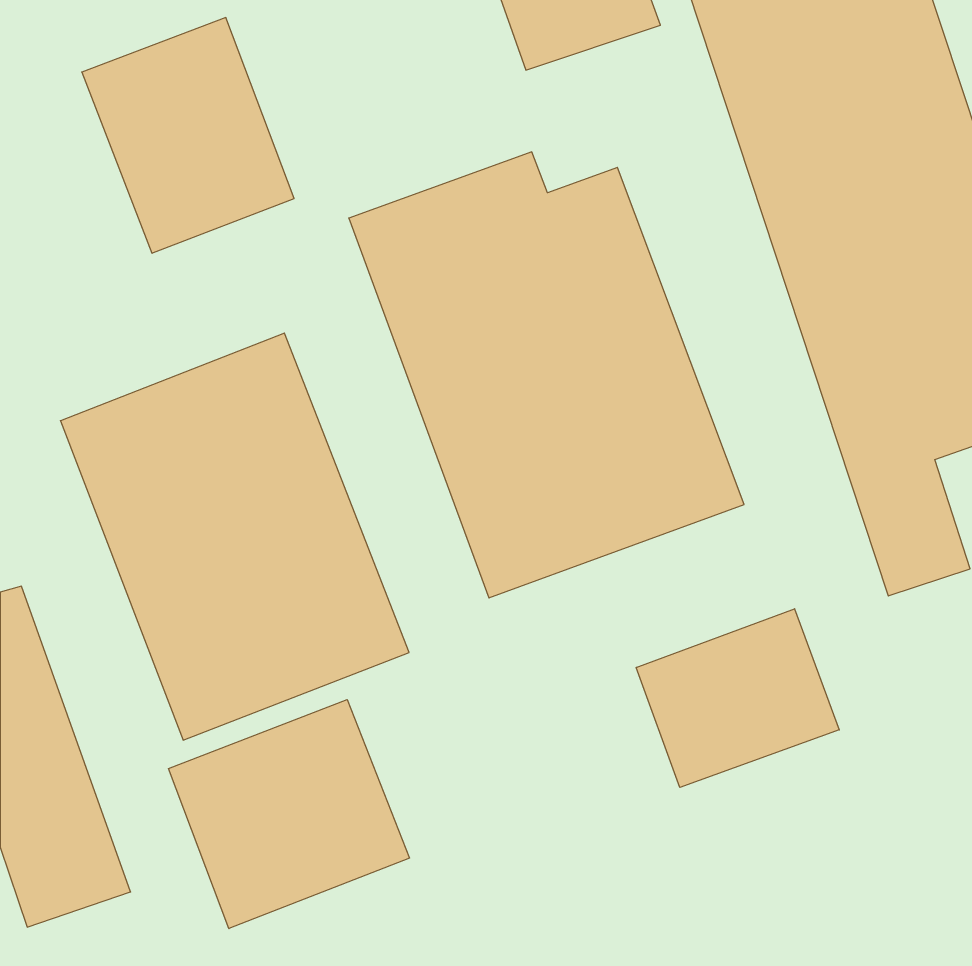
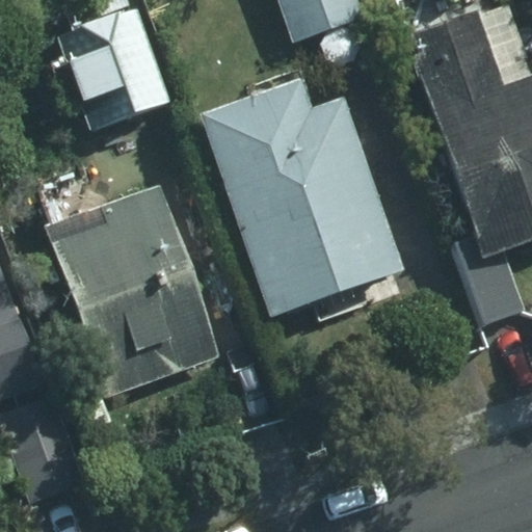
building: [636,609,839,787] -> none
building: [169,700,409,929] -> none

